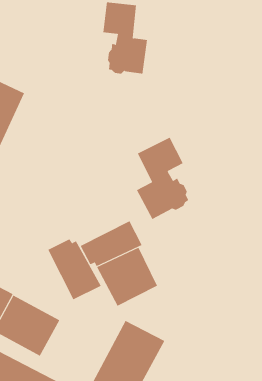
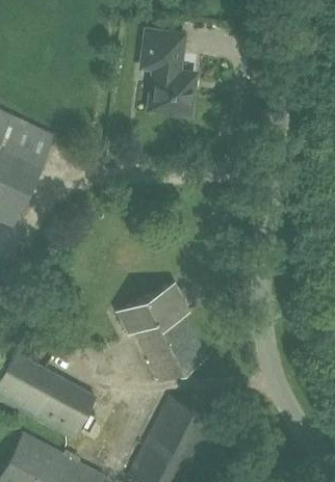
building: [136,137,189,220] -> none
building: [47,238,101,300] -> none

